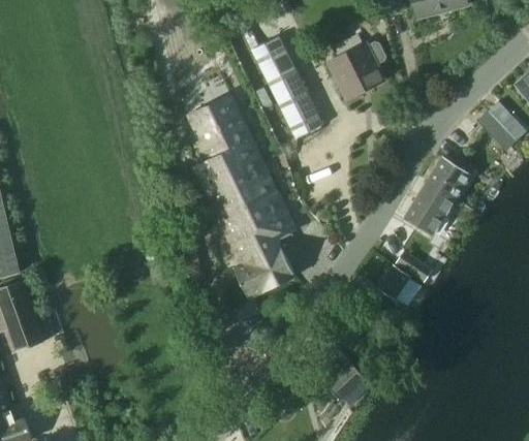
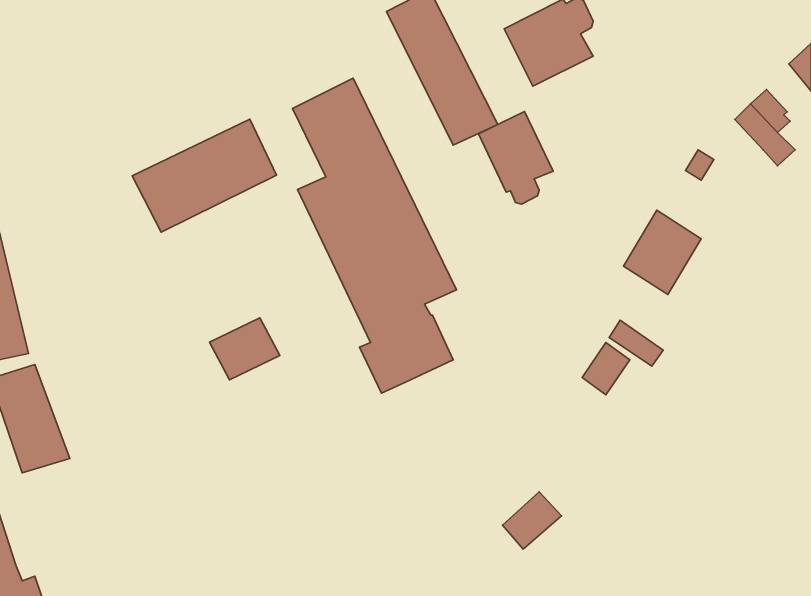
building: none -> [479,112,553,204]
building: none -> [132,119,276,232]
building: [427,157,470,198] -> none
building: none -> [210,318,280,380]

